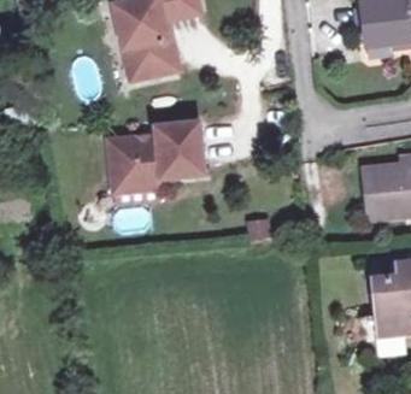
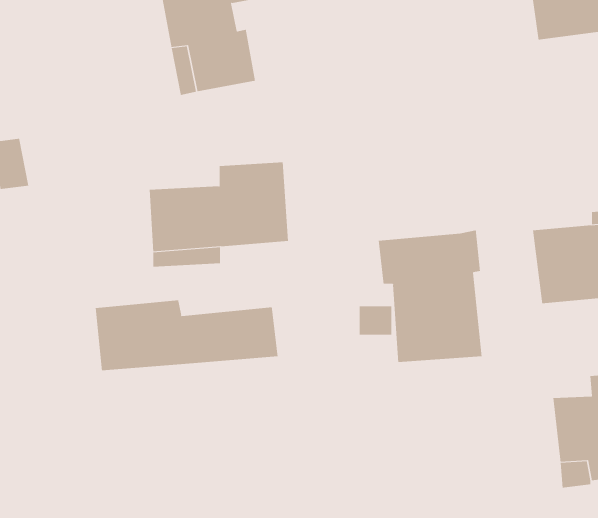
building: none -> [378,230,482,363]
building: none -> [95,299,278,371]

